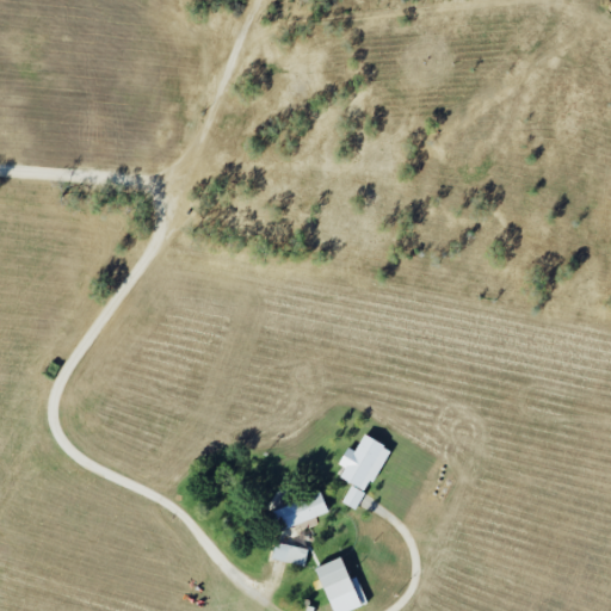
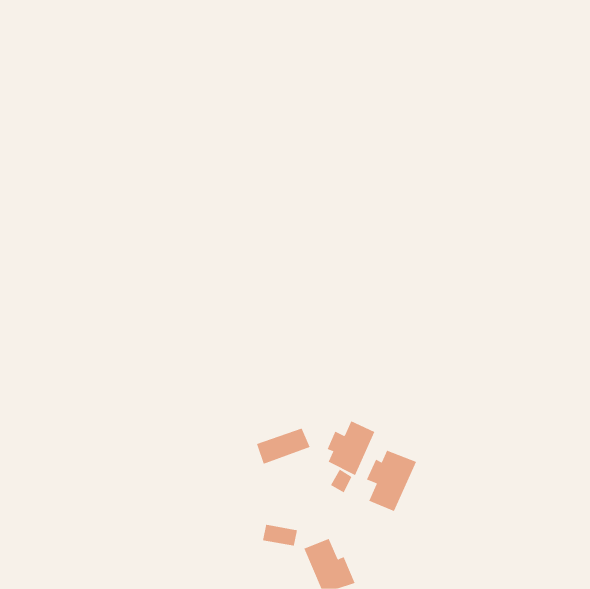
building: none -> [366,450,417,512]
building: [272,492,328,530] -> [256,428,310,465]

